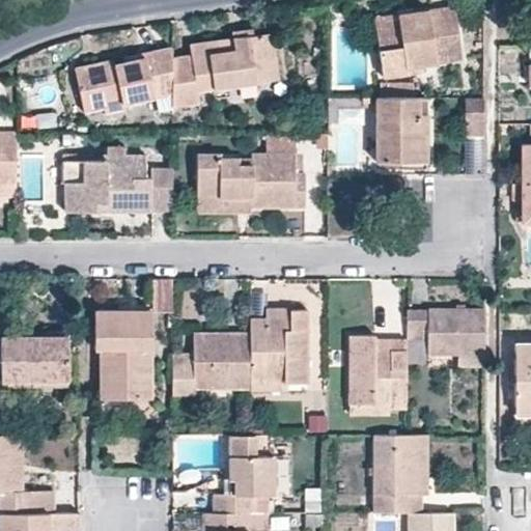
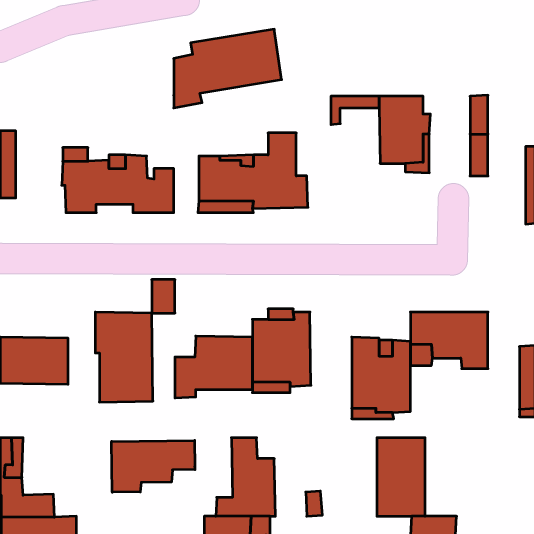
building: [374,7,463,79] -> none
building: [75,47,173,120] -> none
building: none -> [112,440,195,492]

